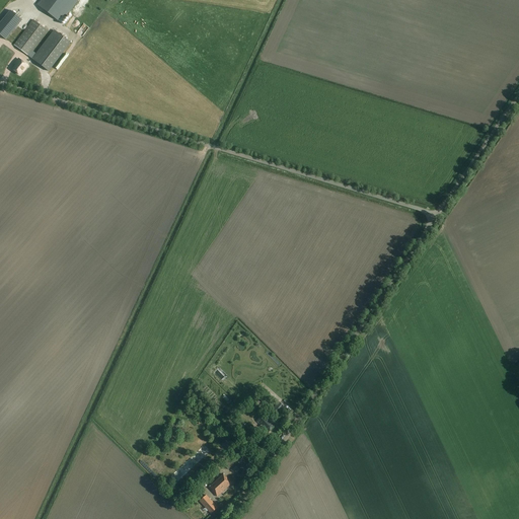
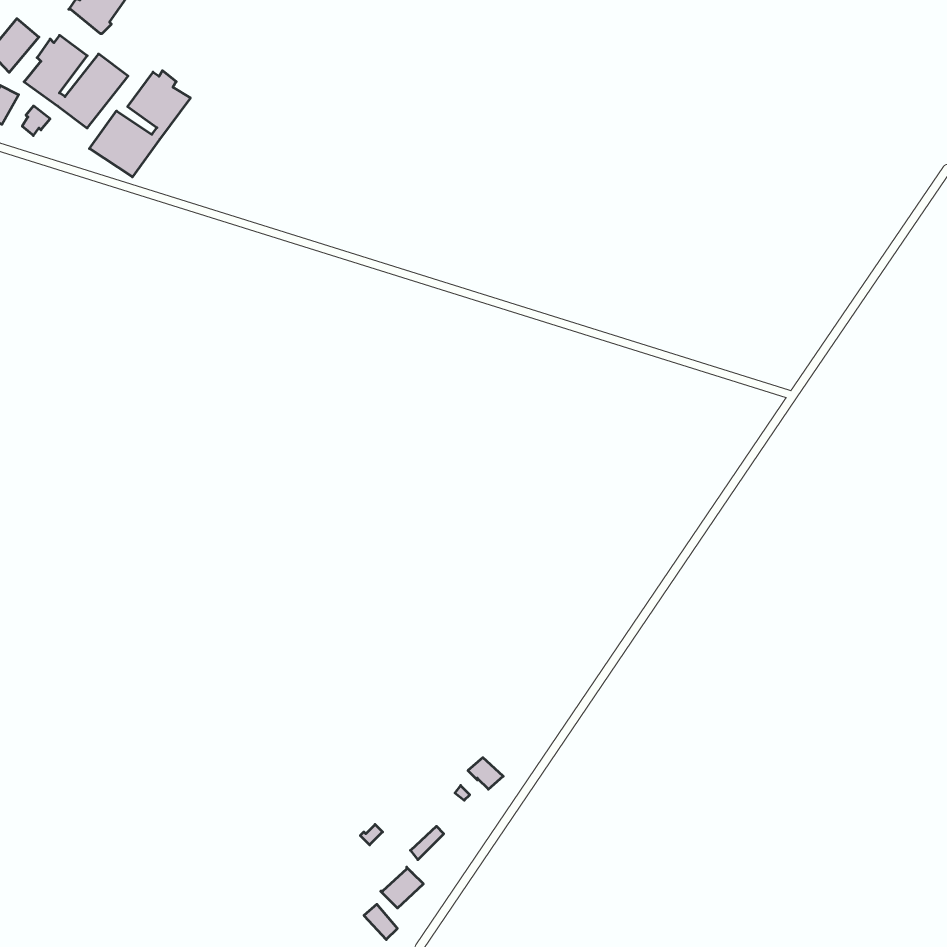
building: none -> [89,71,190,177]

